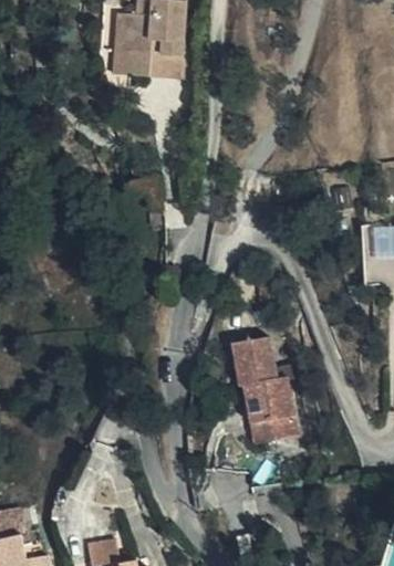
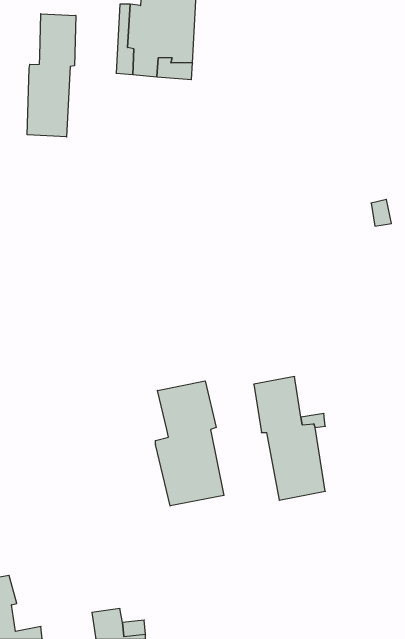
building: none -> [27,14,76,137]
building: none -> [155,381,224,506]

